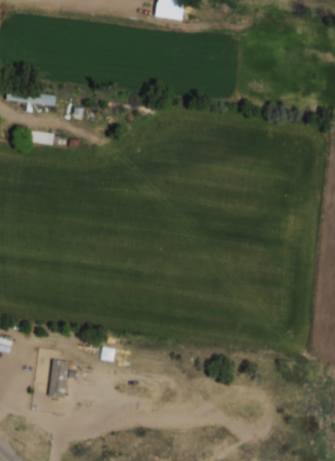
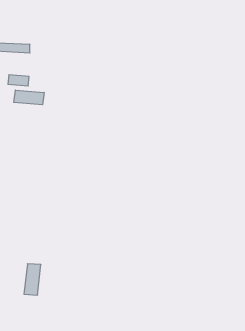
building: none -> [14,90,44,105]

